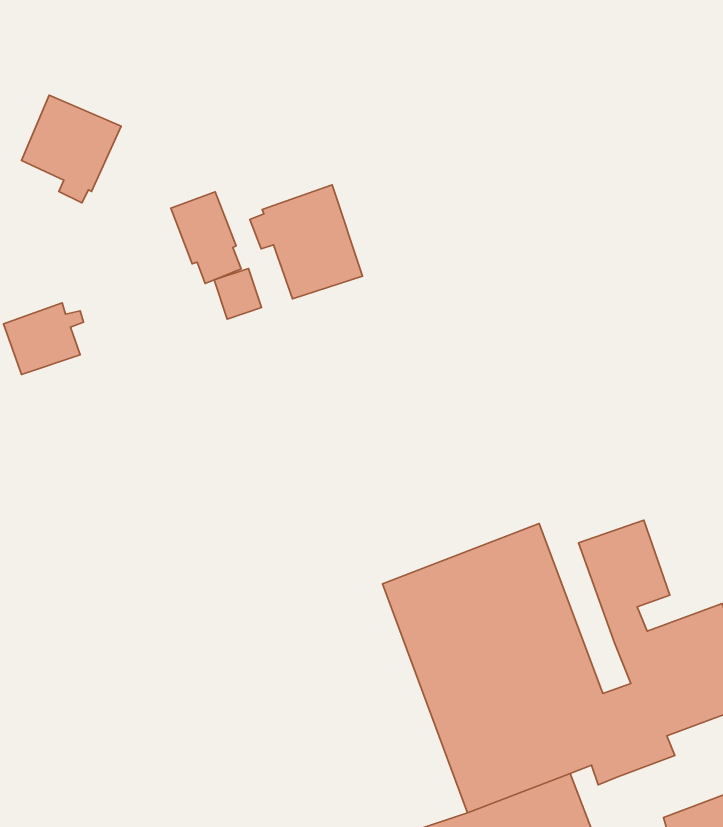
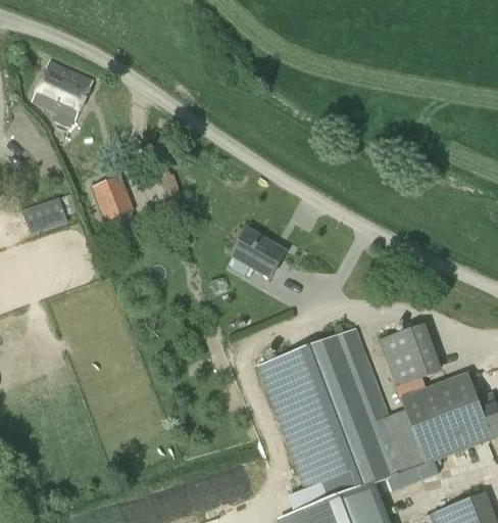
building: [250,185,362,299] -> none
building: [171,192,241,283] -> [92,176,136,233]
building: none -> [231,229,287,280]

